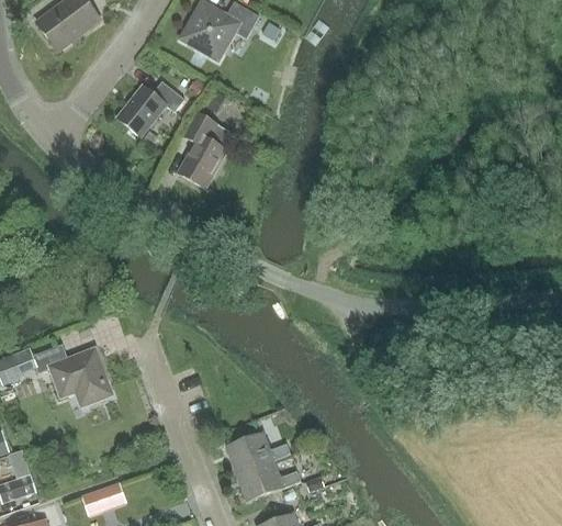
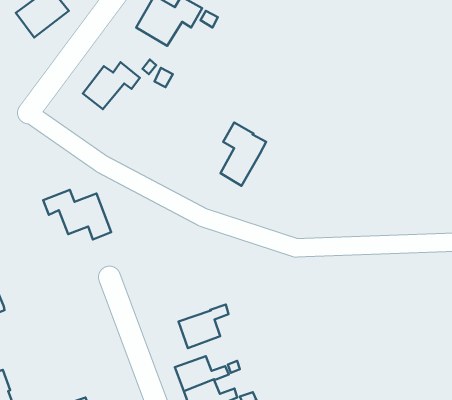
building: [179,112,234,188] -> [220,123,266,186]
building: [31,344,112,403] -> [43,190,111,240]
building: none -> [179,304,229,348]

